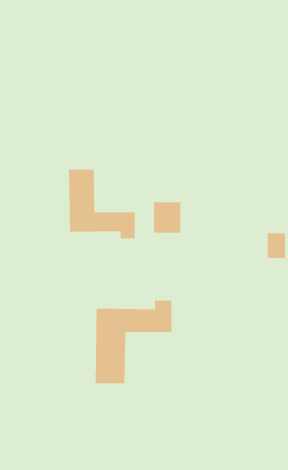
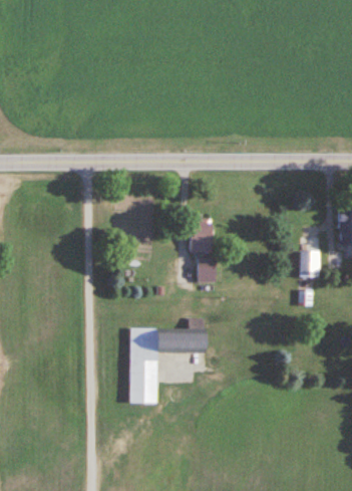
building: [68,169,135,239] -> none
building: none -> [198,258,217,281]

